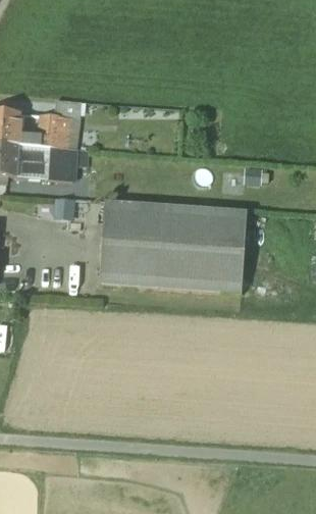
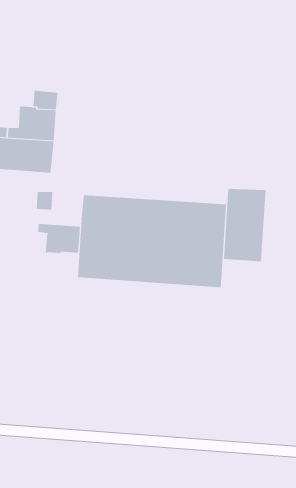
building: none -> [223,188,266,262]
building: none -> [38,223,80,254]

